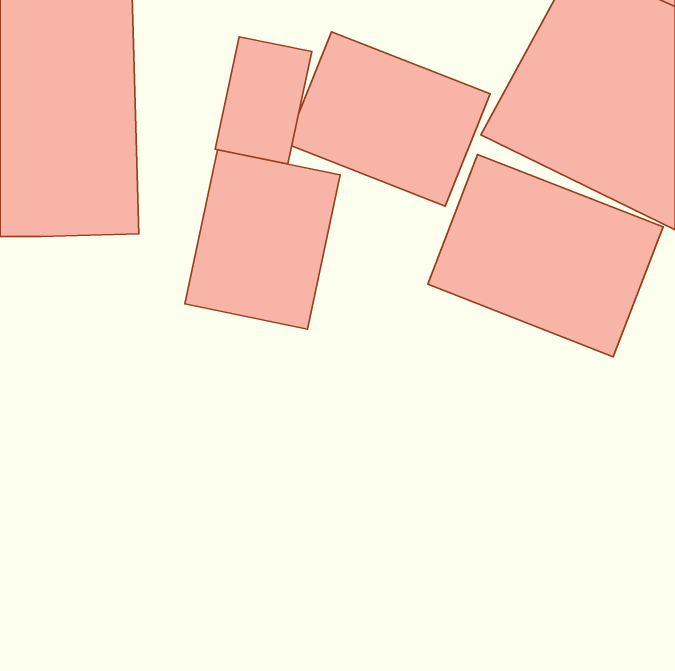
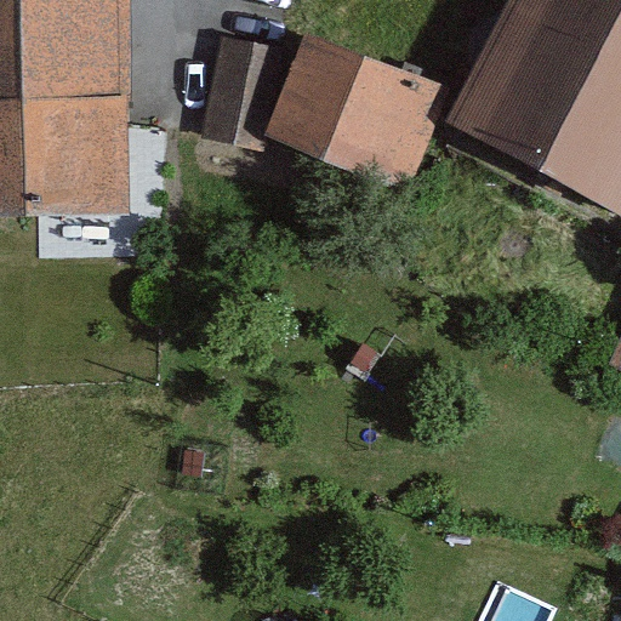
building: [185,150,340,329] -> none
building: [428,154,663,357] -> none

